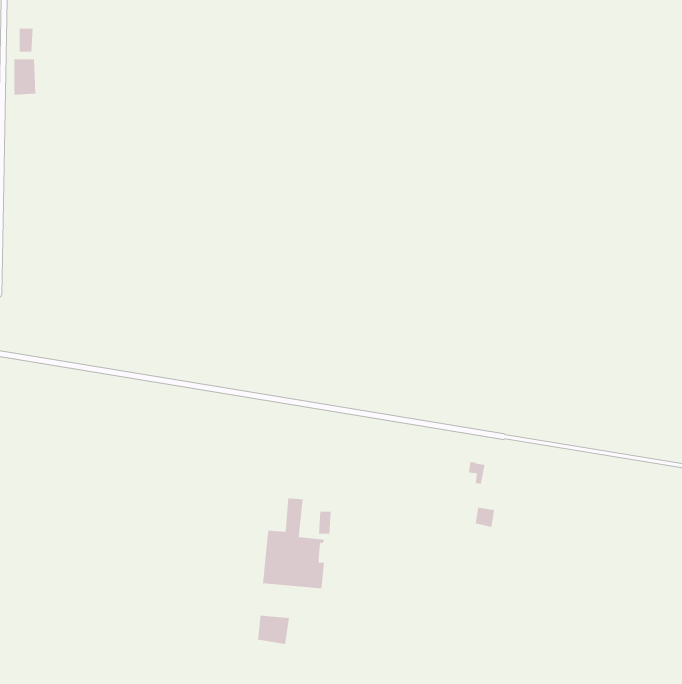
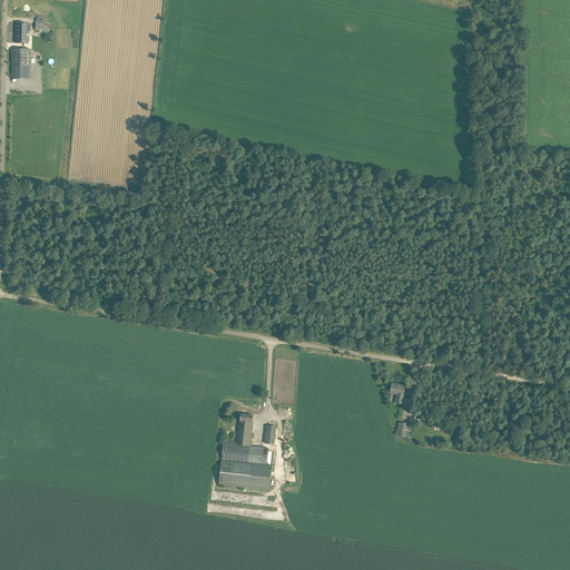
building: [258,615,289,645] -> none

